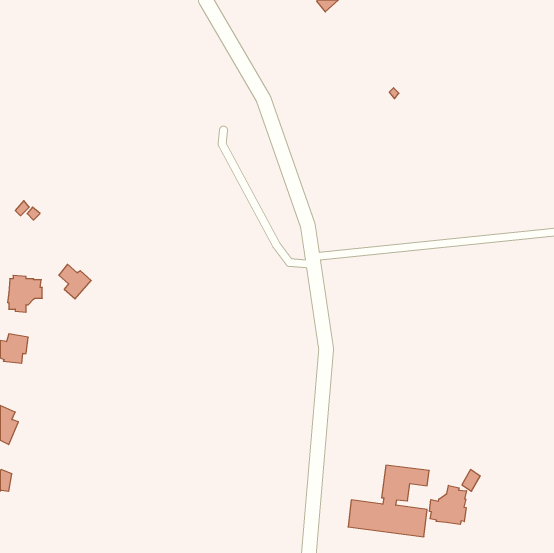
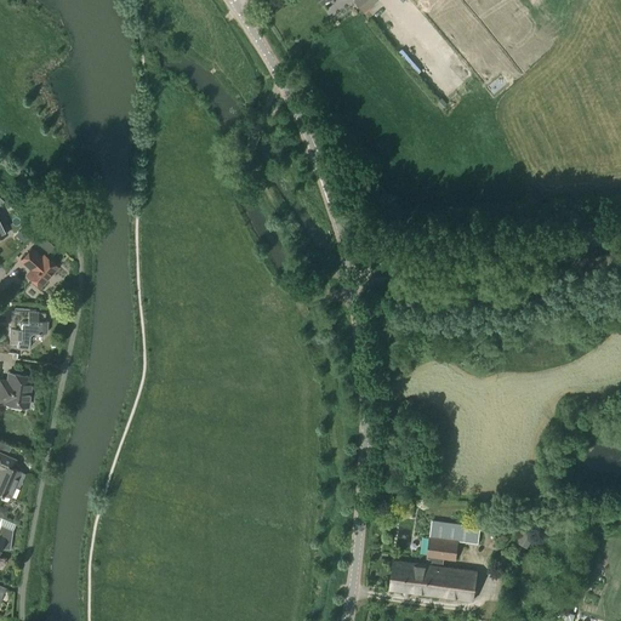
building: [59,264,91,299] -> [21,250,57,289]
building: [429,485,466,524] -> none

